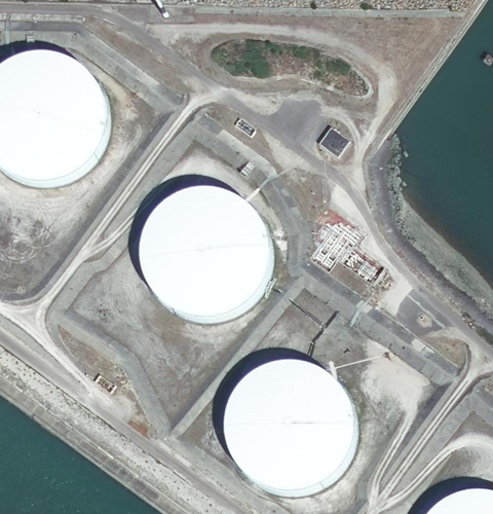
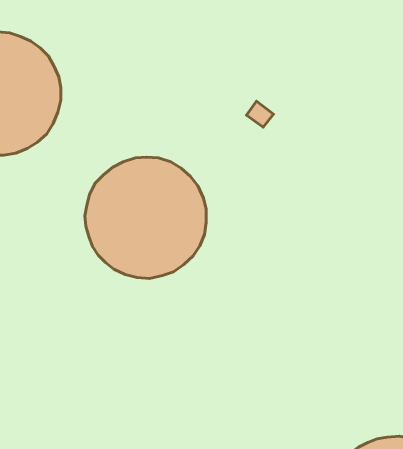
building: [225,360,356,490] -> none

